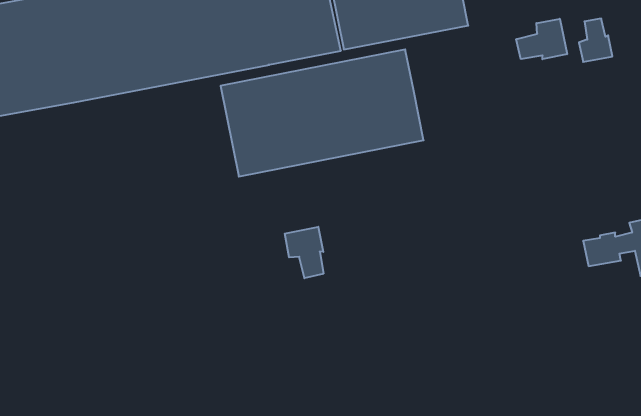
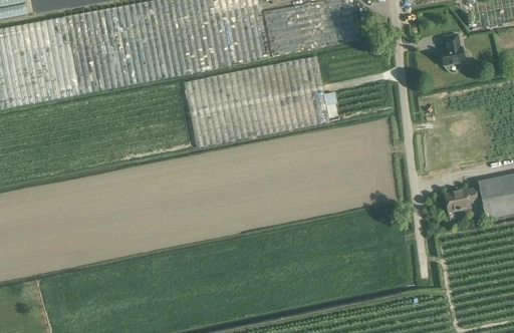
building: [516,19,567,59] -> none
building: [285,227,323,278] -> none

